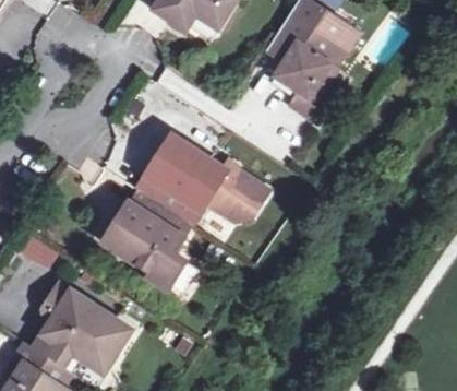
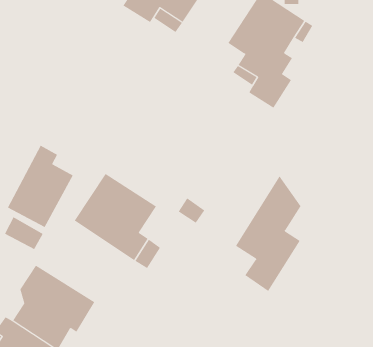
building: [132,133,265,224] -> none
building: none -> [7,145,74,228]
building: none -> [235,175,301,292]

